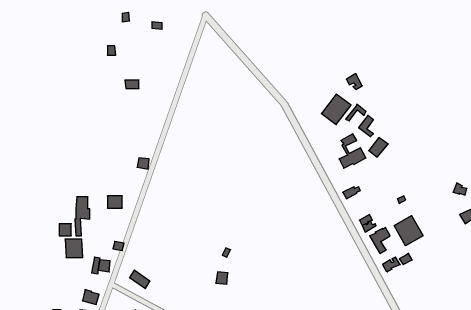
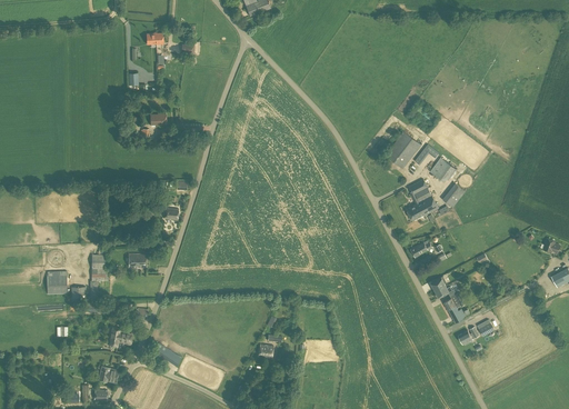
building: [394,216,423,246] -> none
building: [65,239,83,258] -> [47,271,68,293]

